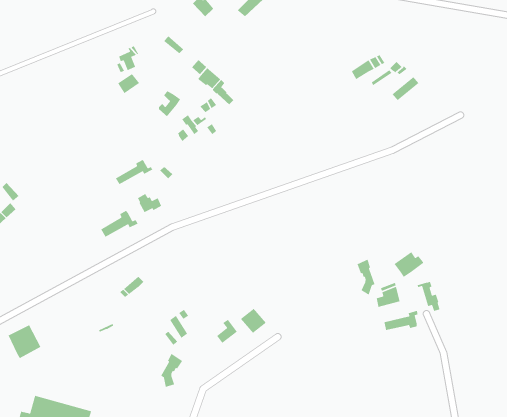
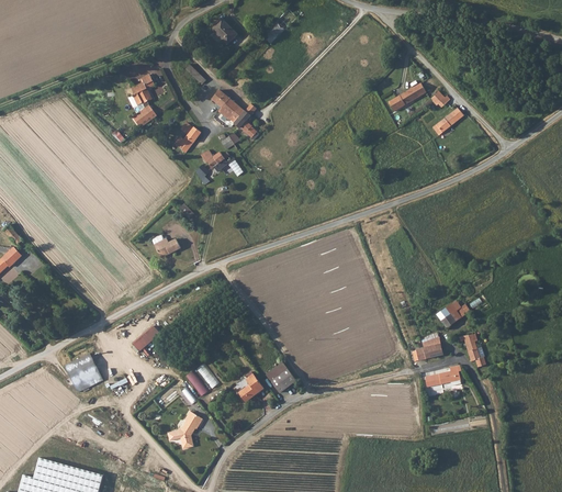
building: [115,159,153,185] -> none
building: [100,210,139,238] -> none
building: [356,258,375,296] -> none
building: [8,324,42,359] -> [65,355,102,393]

